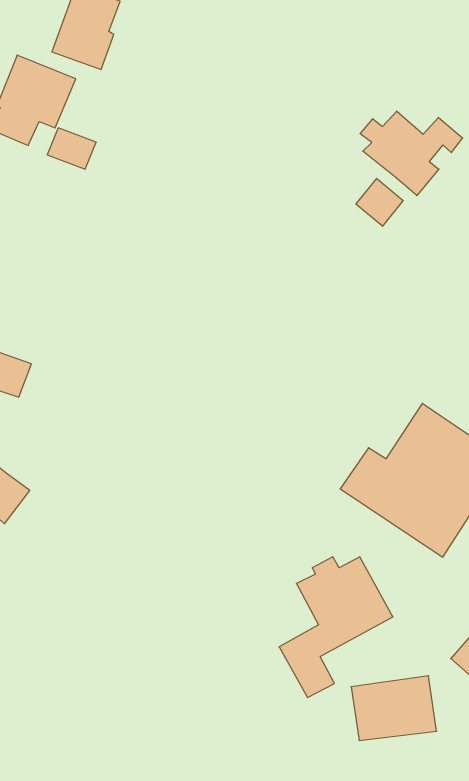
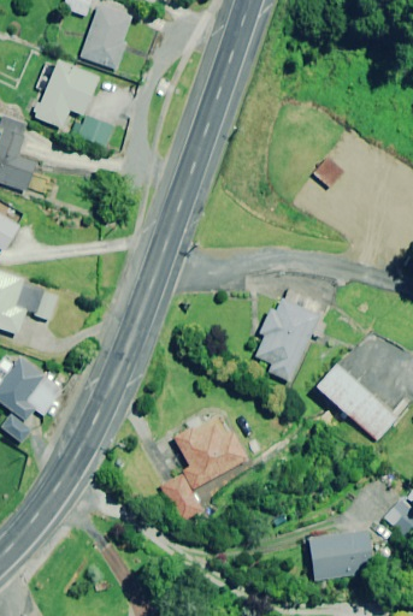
building: [360,111,463,196] -> none
building: none -> [256,300,318,380]
building: [279,557,393,698] -> [160,414,247,521]

